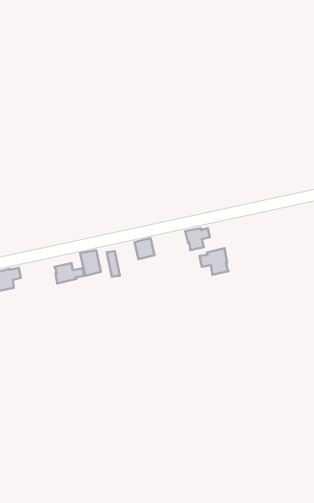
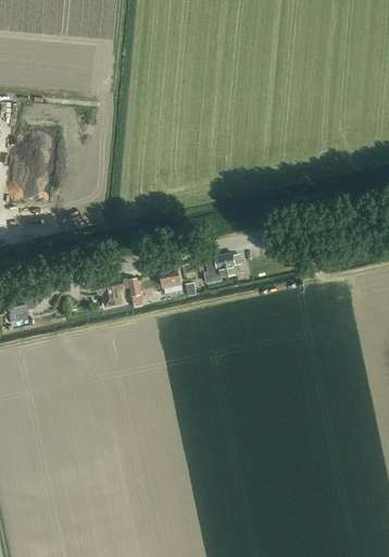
building: [199,248,229,275] -> none
building: [55,263,84,283] -> none

